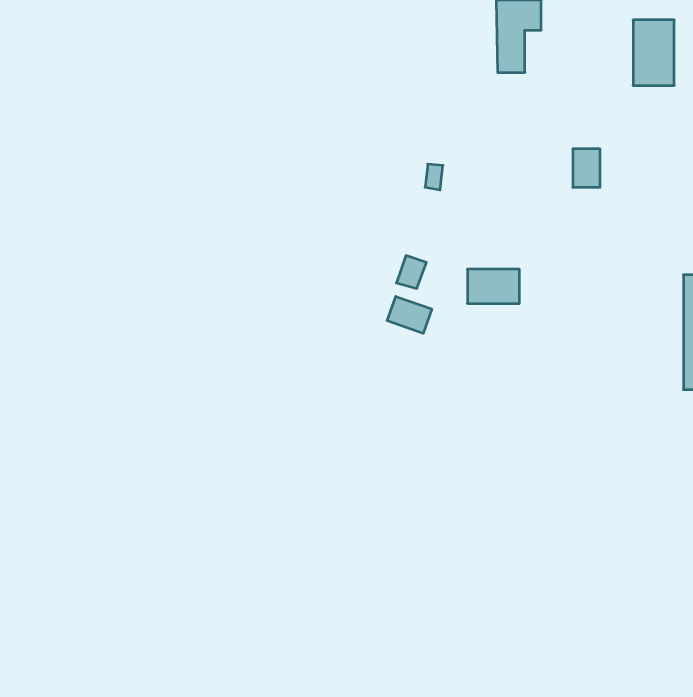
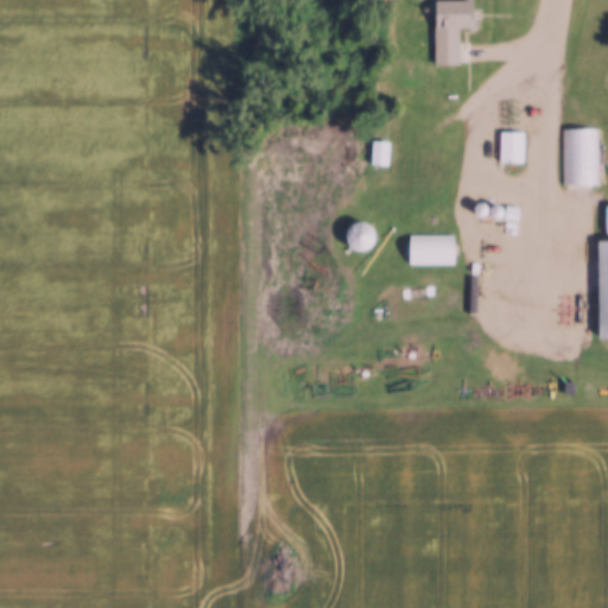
building: [633,20,674,85] -> [565,129,601,186]
building: [387,296,432,333] -> none

